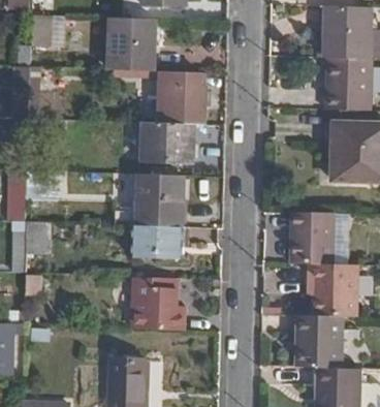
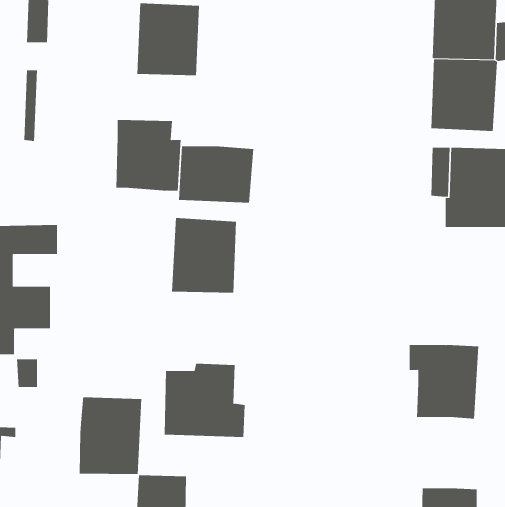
building: [158,71,205,123] -> [115,120,181,191]
building: [289,212,335,264] -> none
building: [134,226,181,257] -> none
building: none -> [79,396,142,475]
building: [295,316,339,368] -> none

